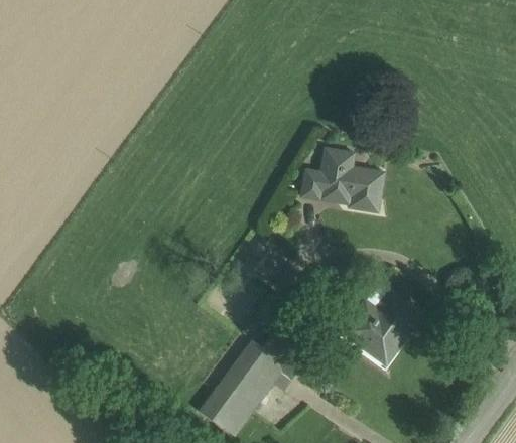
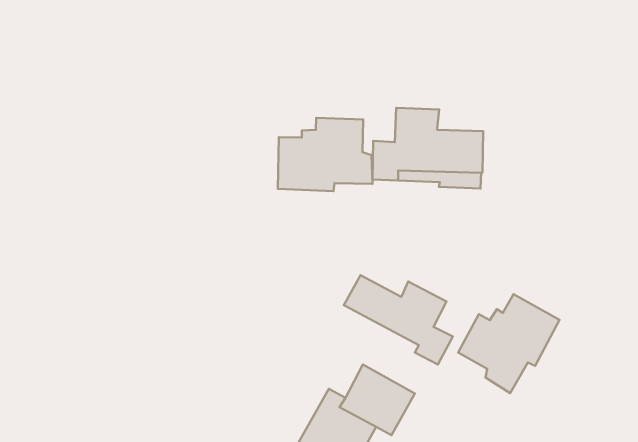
building: none -> [278,118,373,191]
building: none -> [344,275,453,365]

